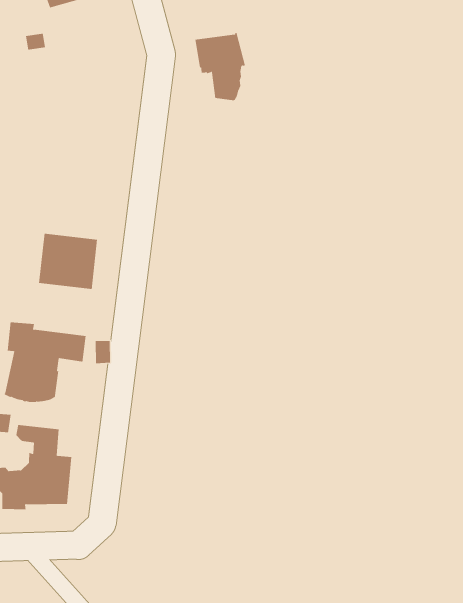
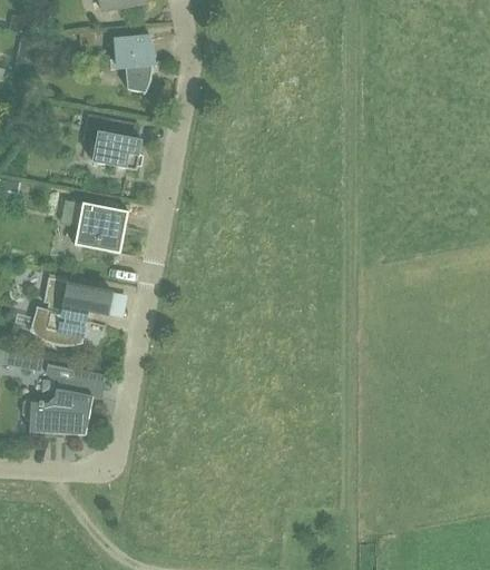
building: [195,33,246,102] -> [112,35,155,94]
building: none -> [82,112,140,169]

